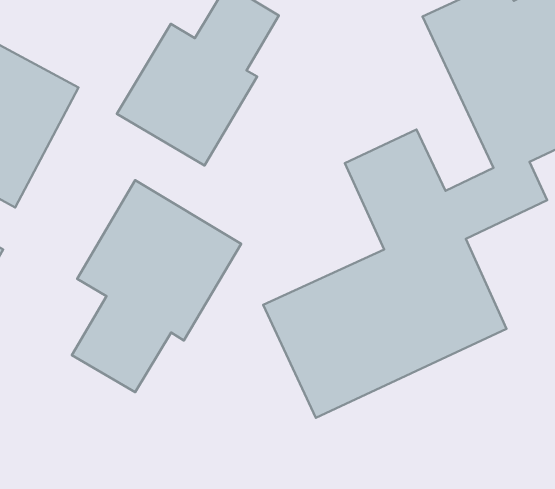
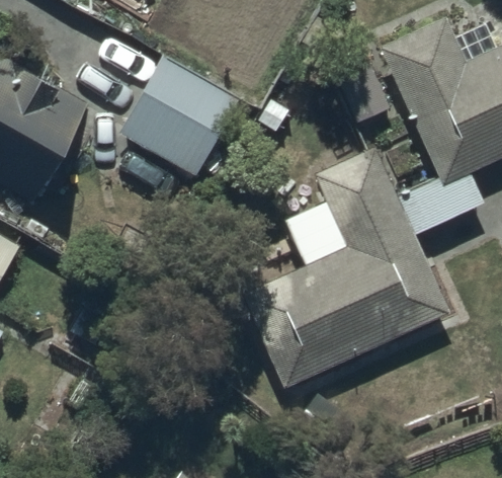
building: [72,180,241,392] -> none

